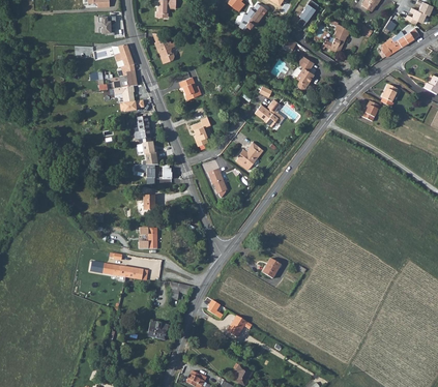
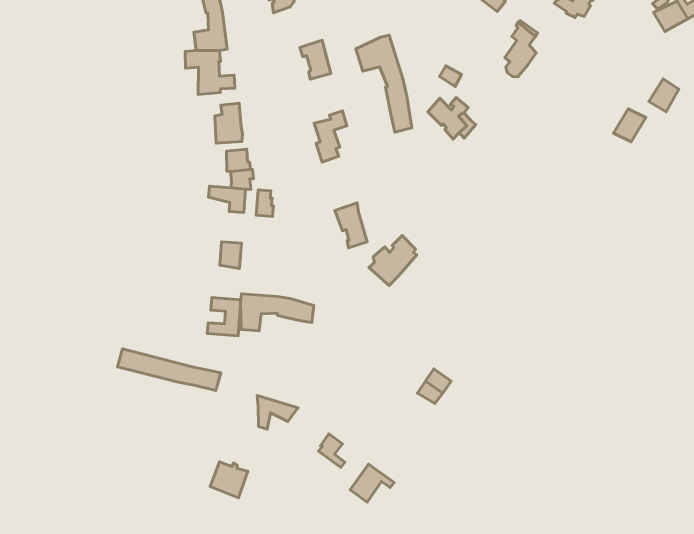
building: none -> [356,35,412,132]
building: [234,142,261,171] -> [369,235,417,285]
building: none -> [241,294,314,331]

